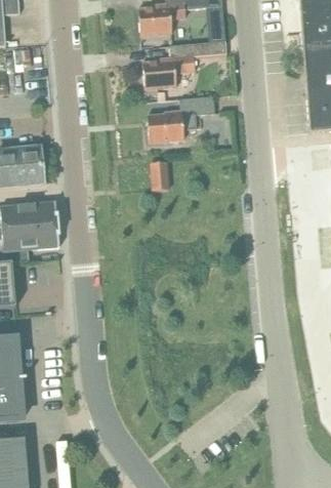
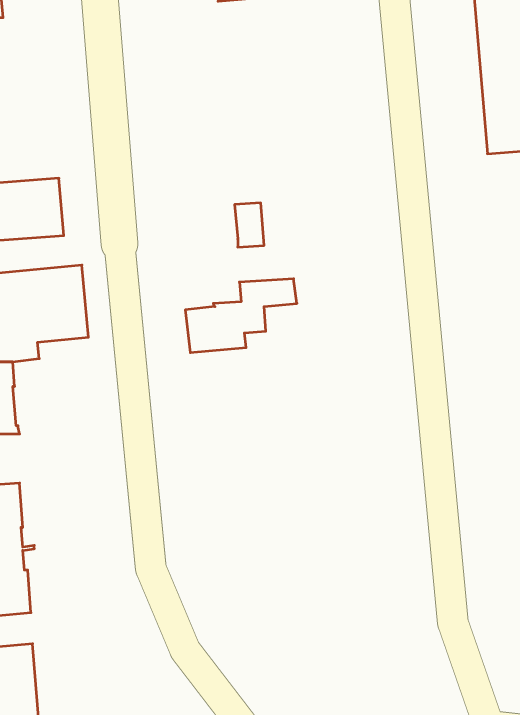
building: [142,41,226,89] -> none
building: [147,96,216,143] -> [185,279,297,353]

